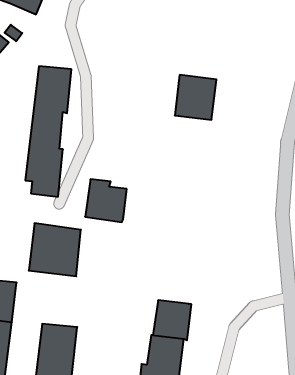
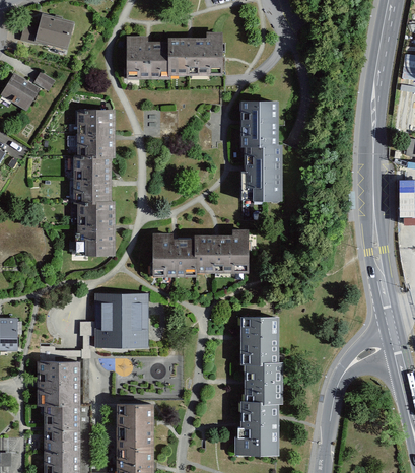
building: none -> [124,33,223,80]
building: none -> [241,148,282,204]
building: none -> [193,229,249,276]
building: none -> [239,315,279,362]

